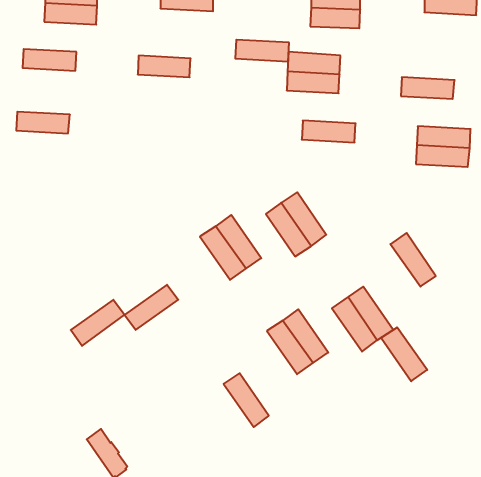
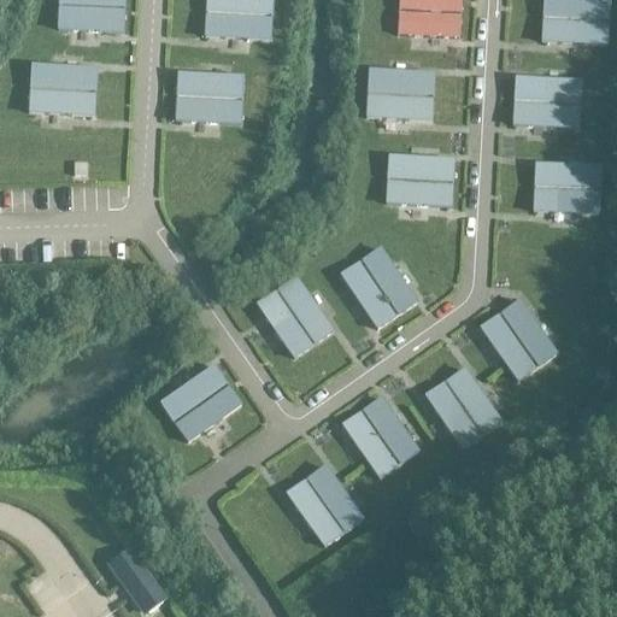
building: none -> [542,16,610,43]
building: [235,40,289,61] -> [205,11,274,39]
building: none -> [515,75,583,102]
building: none -> [176,95,243,123]
building: [16,112,70,133] -> [29,87,98,114]
building: none -> [386,178,454,206]
building: [71,300,124,346] -> [175,383,243,442]
building: [381,327,427,381] -> [480,312,539,381]
building: none -> [307,463,365,531]

